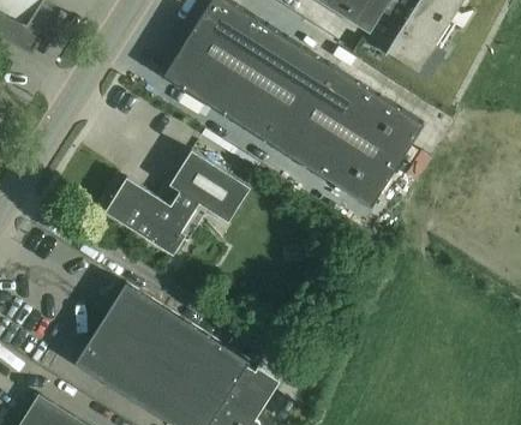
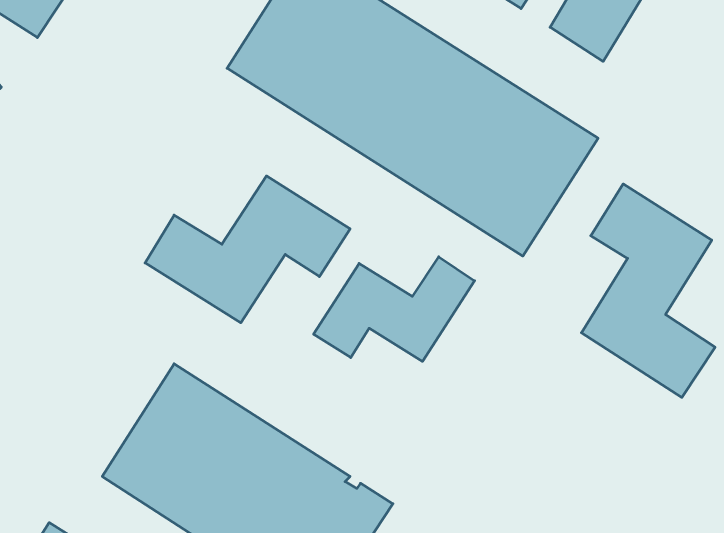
building: none -> [581,184,715,397]
building: none -> [314,257,475,361]

